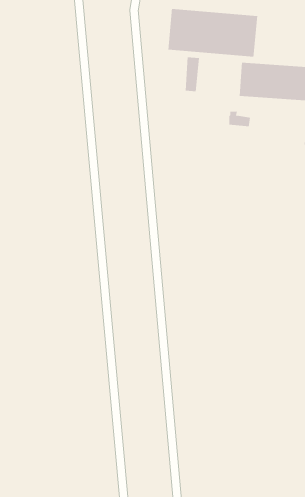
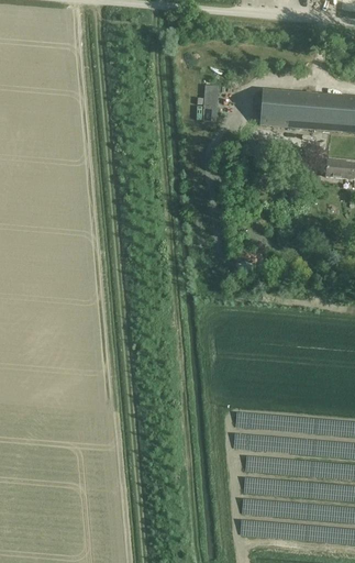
building: [168,8,258,57] -> none

